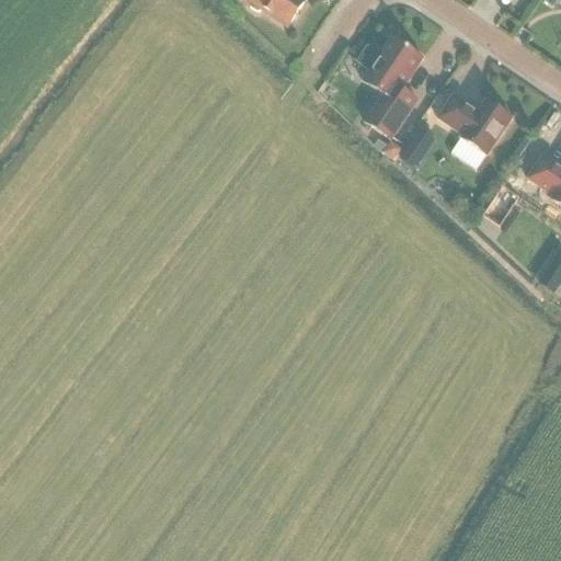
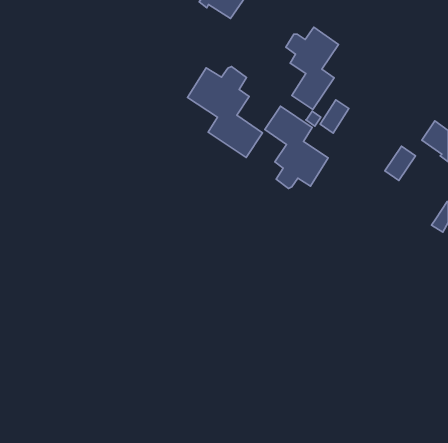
building: none -> [188,67,263,157]
building: [437,92,513,153] -> none
building: none -> [265,106,328,188]

